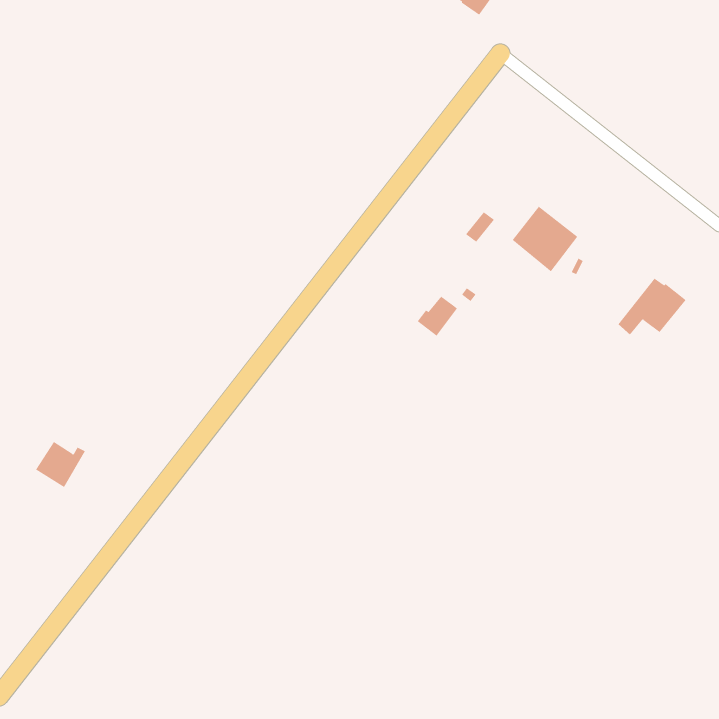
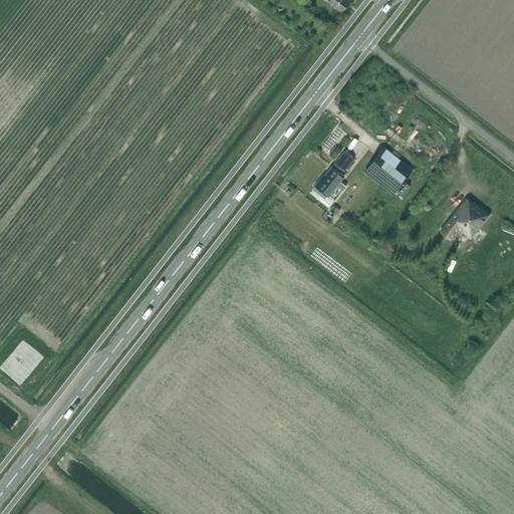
building: [417,296,458,337] -> [314,167,343,196]
building: [35,441,86,488] -> [5,351,41,384]

